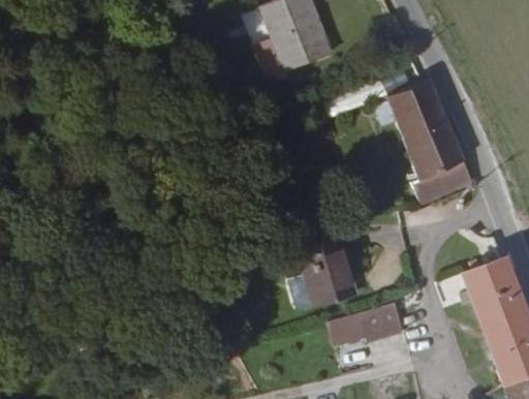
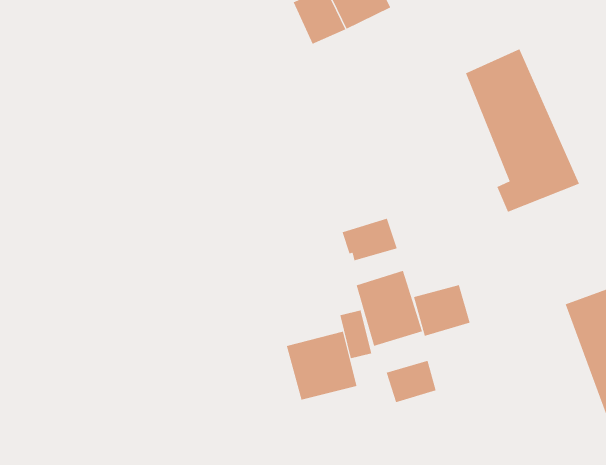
building: none -> [342,218,397,261]
building: none -> [286,331,357,400]
building: [360,305,403,344] -> [413,285,471,337]

